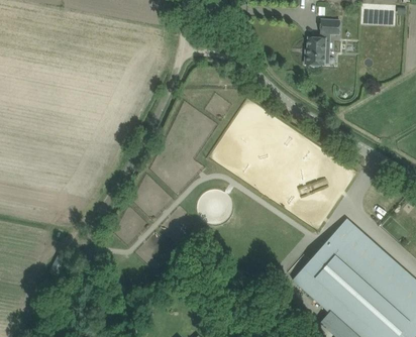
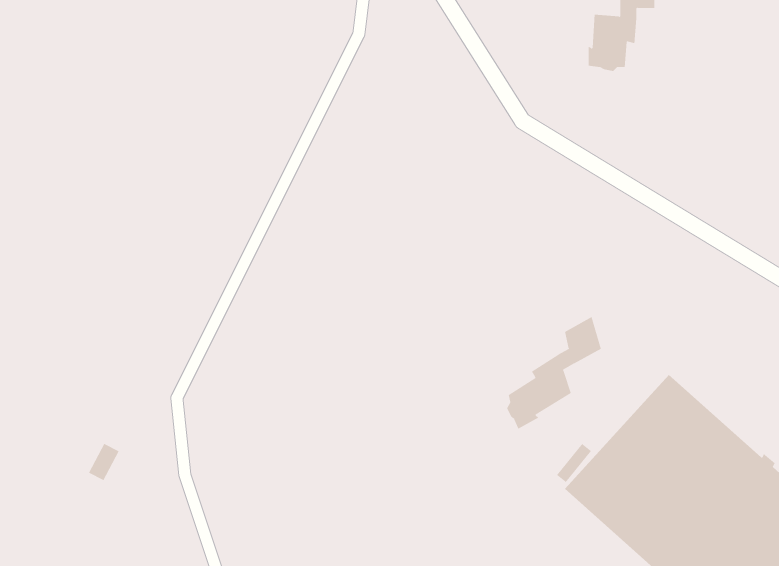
building: none -> [506,316,601,429]

